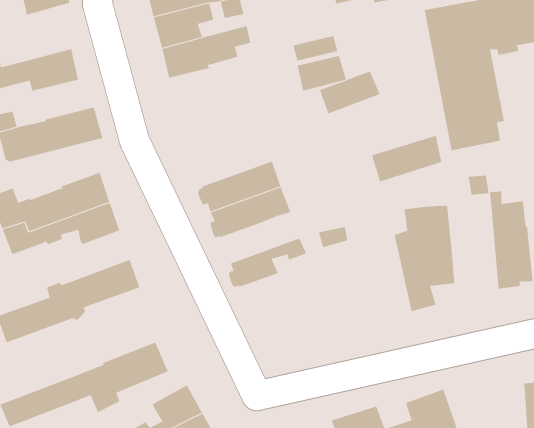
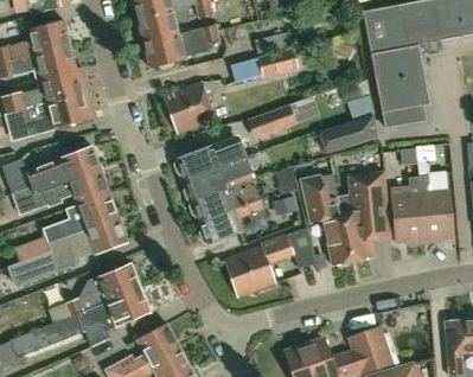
building: none -> [27,19,69,52]
building: [319,71,381,114] -> [245,104,296,140]
building: none -> [36,68,88,102]
building: none -> [162,82,215,133]
building: none -> [300,175,351,266]
building: none -> [389,177,423,244]
building: none -> [188,183,258,222]
building: none -> [41,194,117,242]
building: none -> [224,228,314,296]
building: none -> [65,263,139,315]

